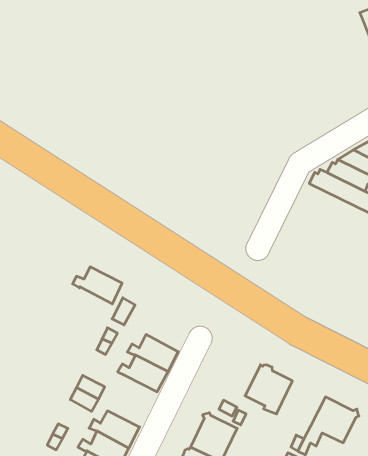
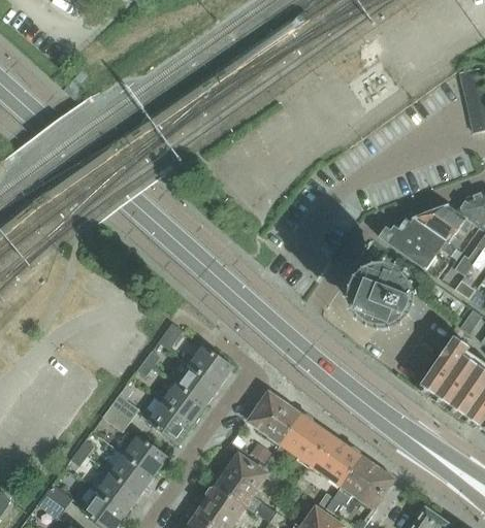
building: none -> [356,272,410,327]
building: [73,267,122,304] -> [183,345,233,387]
building: none -> [250,392,301,442]
building: none -> [141,402,192,442]
building: none -> [309,435,362,486]

